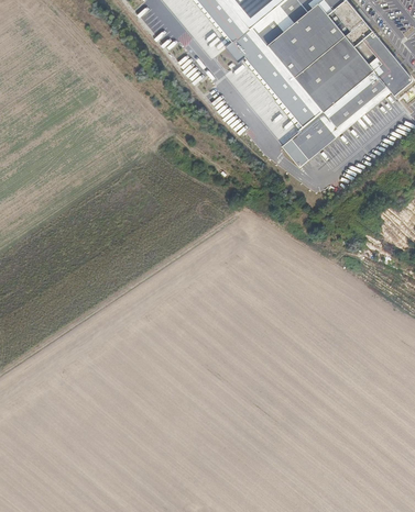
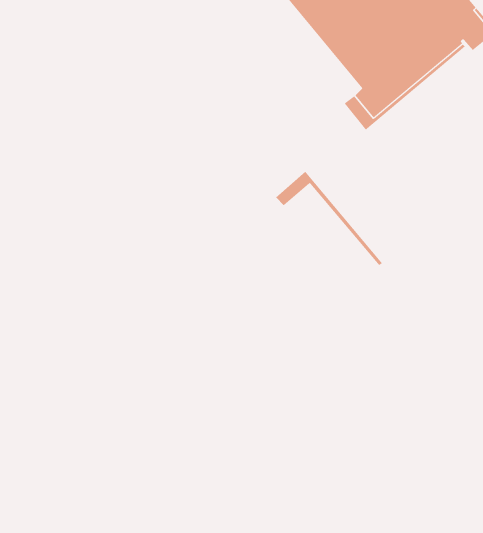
building: none -> [275,171,383,266]

